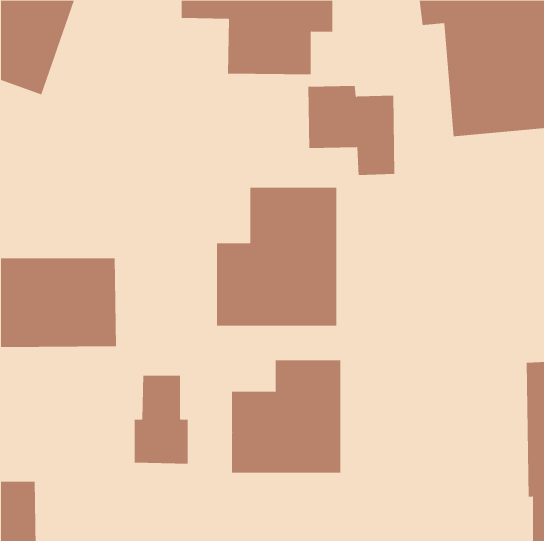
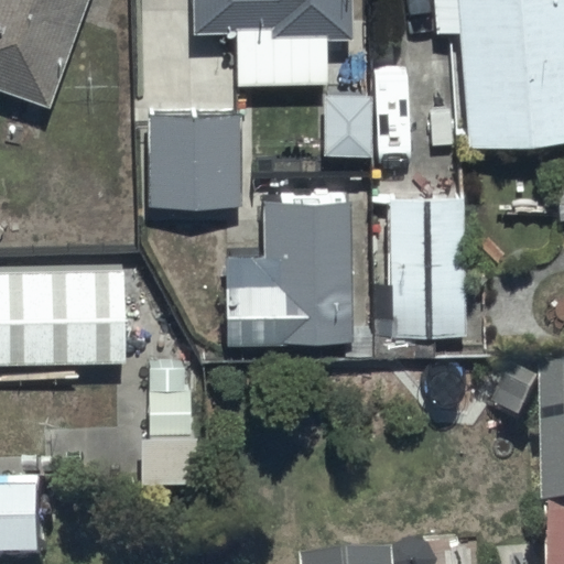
building: none -> [144,115,237,208]
building: none -> [386,199,467,338]
building: [232,360,341,474] -> none

